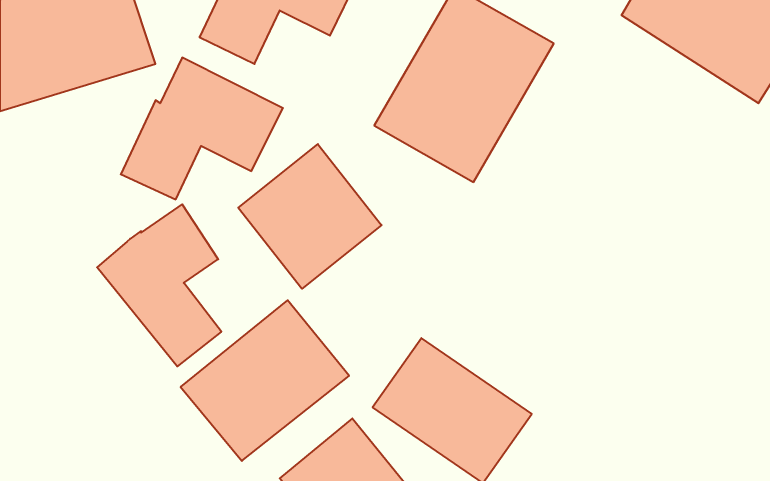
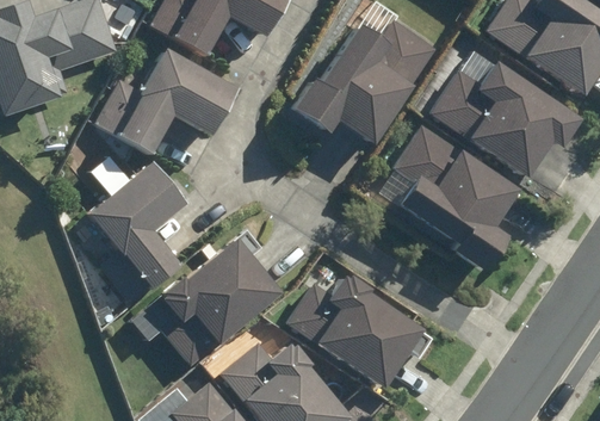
building: none -> [431,54,579,188]
building: [238,144,382,289] -> none
building: none -> [388,135,536,270]

